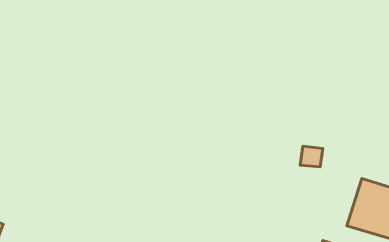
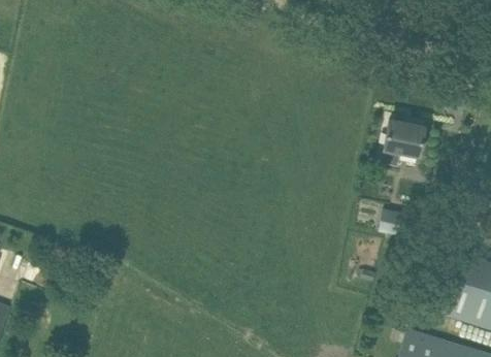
building: none -> [381,120,425,167]

